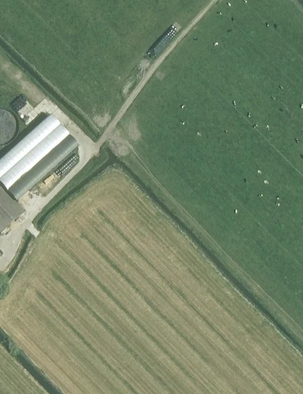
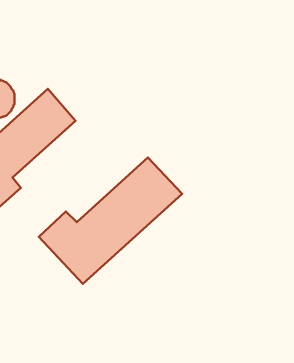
building: none -> [39,158,182,284]

